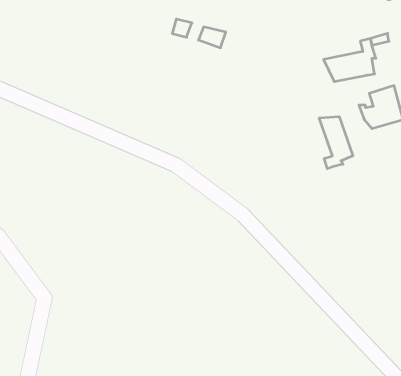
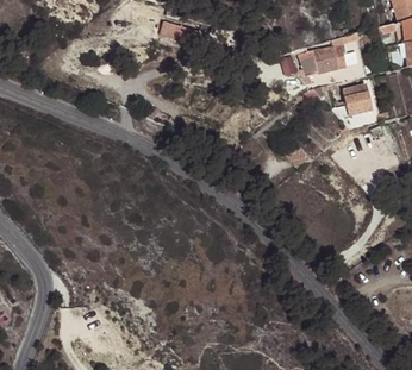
building: [319,117,353,169] -> none

